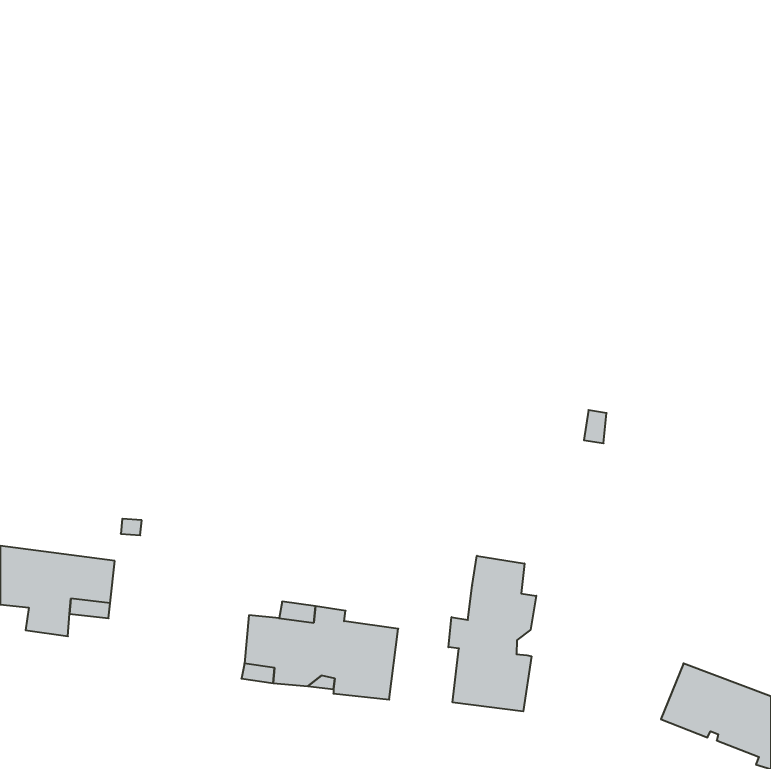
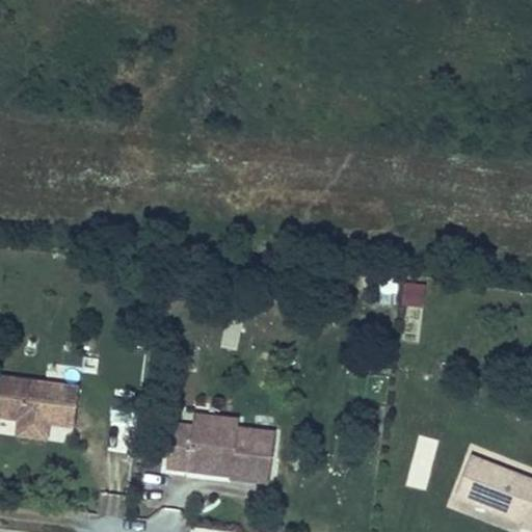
building: [448,556,536,711] -> none

